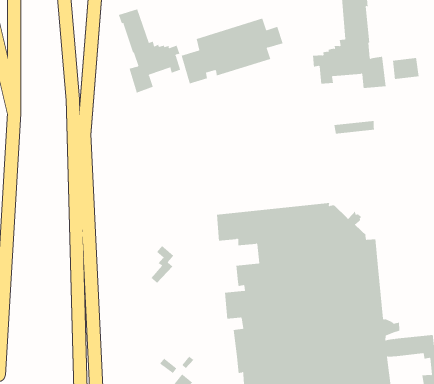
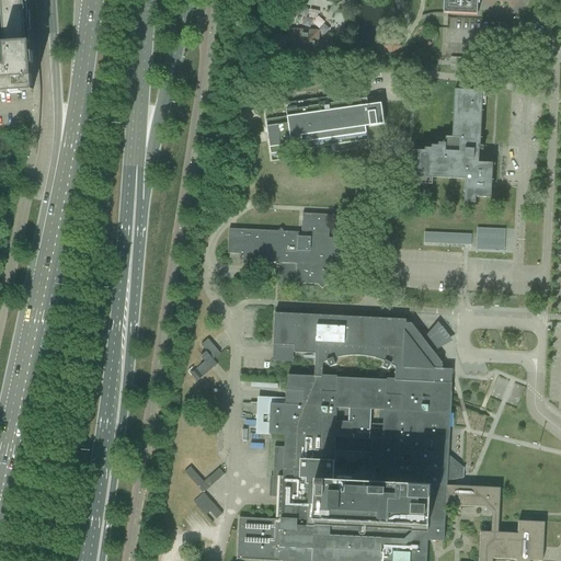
building: [118,8,181,93] -> none
building: [392,58,420,79] -> [477,226,506,249]
building: none -> [228,213,342,287]

